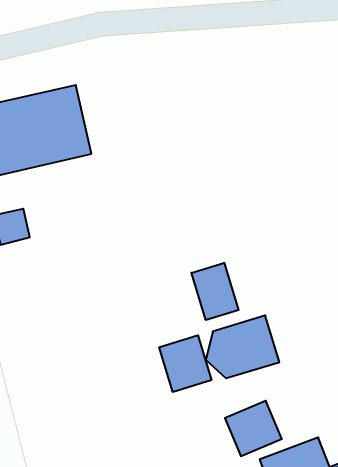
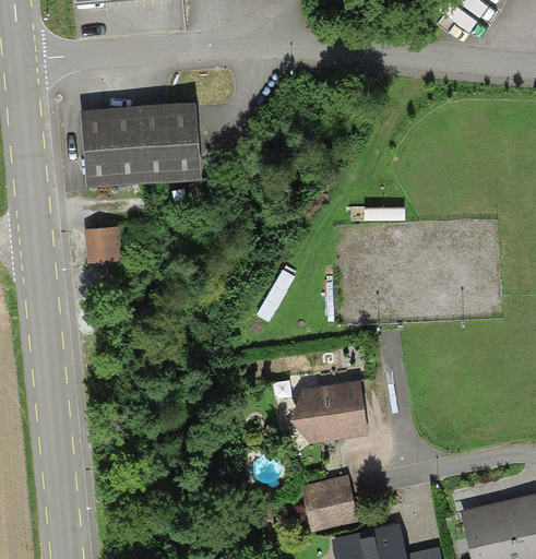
building: [191,263,239,320] -> none
building: [159,335,211,392] -> none

